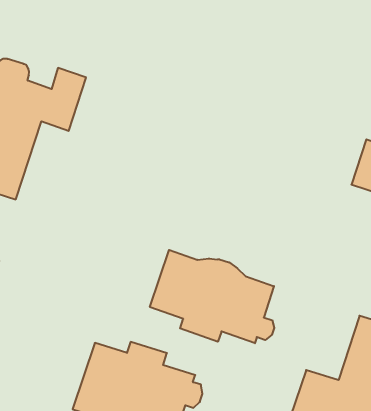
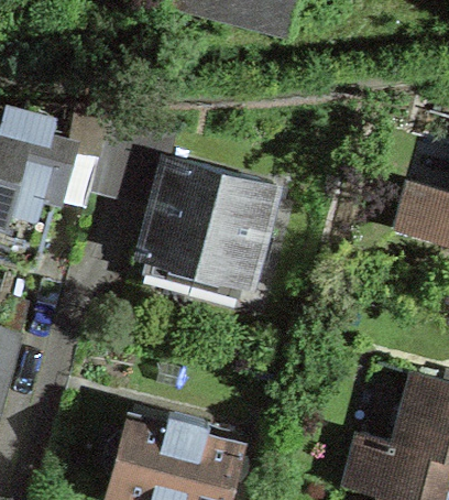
building: none -> [139,157,274,286]
building: [150,250,274,343] -> none

